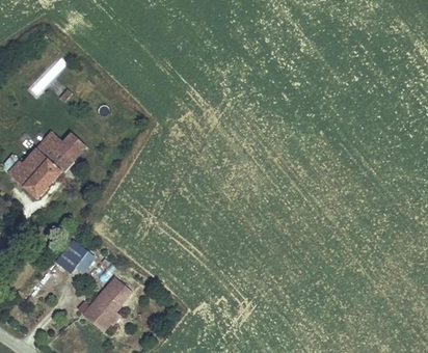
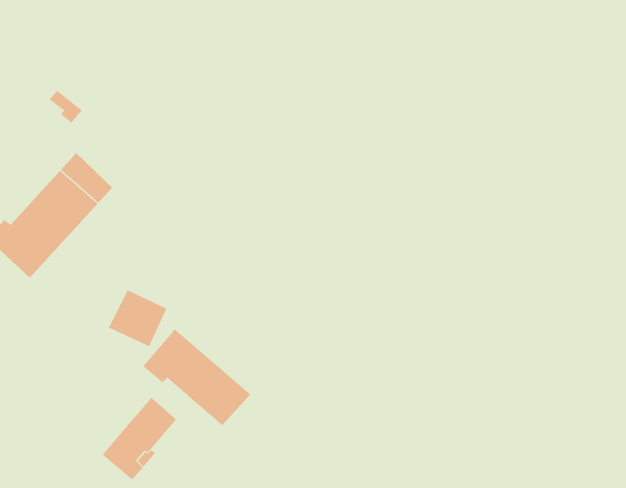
building: none -> [143,328,251,426]
building: [55,238,93,275] -> [108,289,167,347]

